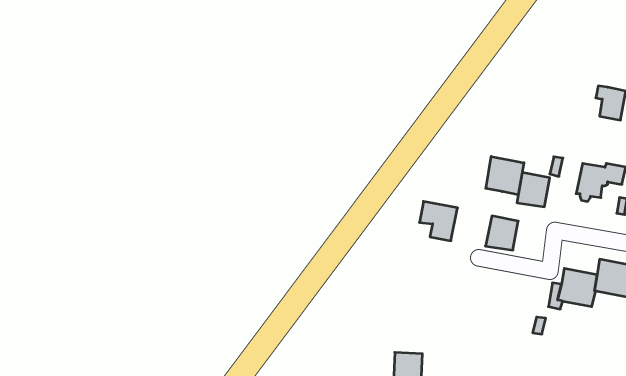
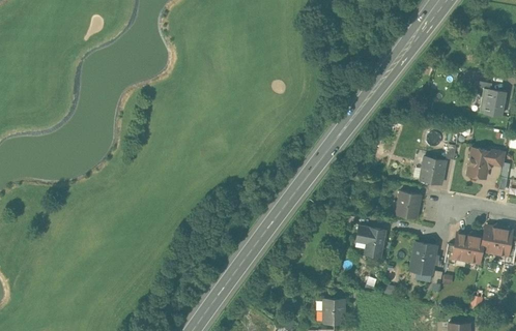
building: [486,156,524,195] -> none
building: [419,201,458,241] -> [355,225,385,257]
building: none -> [409,242,436,274]

